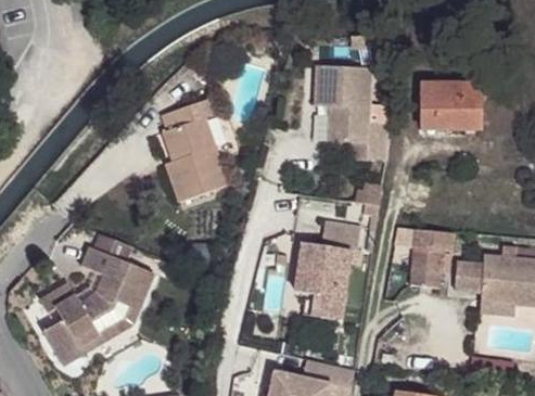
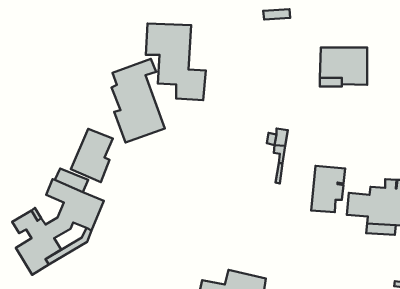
building: [313,66,387,162] -> [146,23,206,100]
building: none -> [71,129,113,182]
building: [295,221,360,320] -> none

